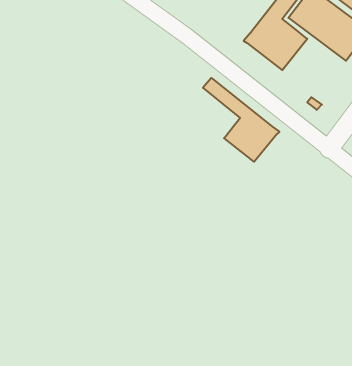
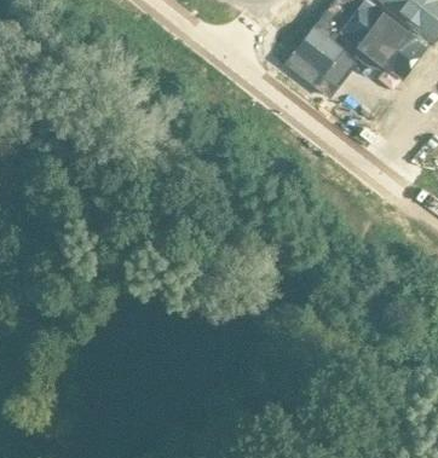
building: [203,78,279,162] -> none

